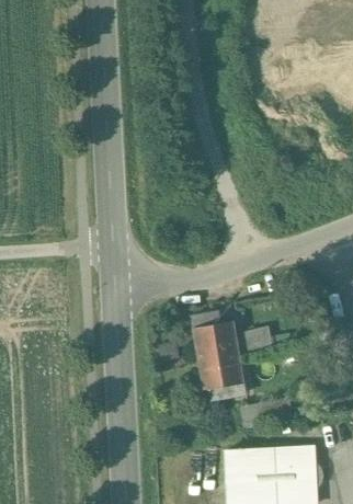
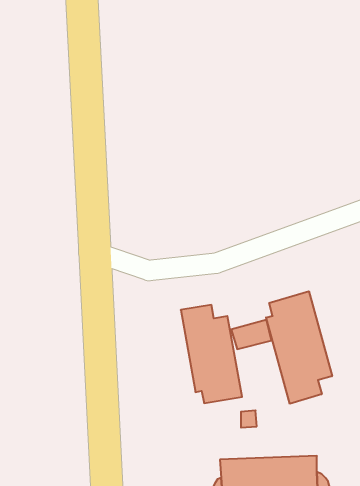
building: none -> [266,291,332,404]

